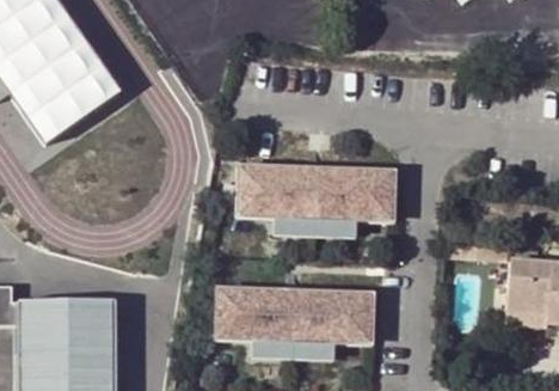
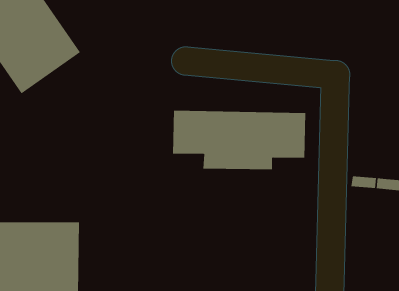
building: [209,286,373,359] -> none

